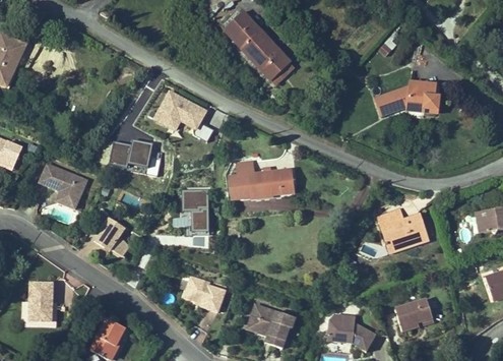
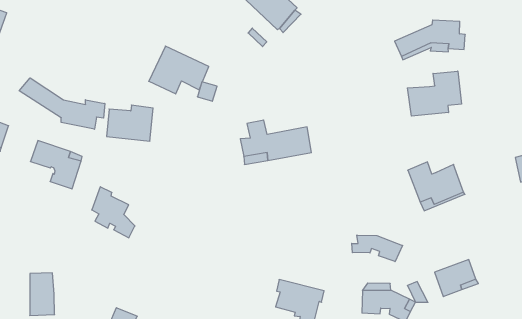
building: none -> [19,78,105,129]
building: none -> [407,71,461,116]
building: [178,187,208,233] -> none
building: none -> [352,235,403,262]
building: [184,279,225,311] -> none

